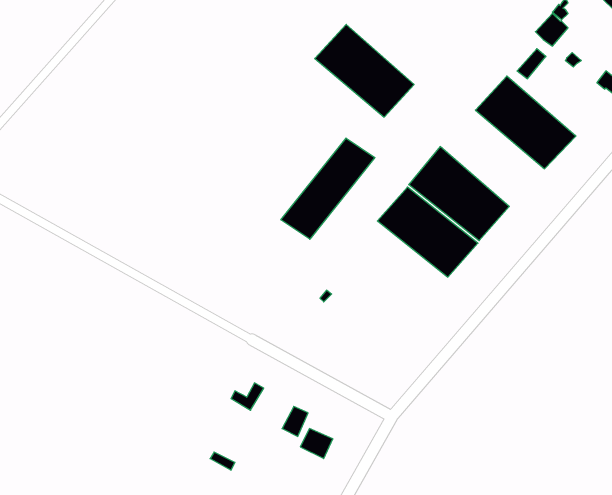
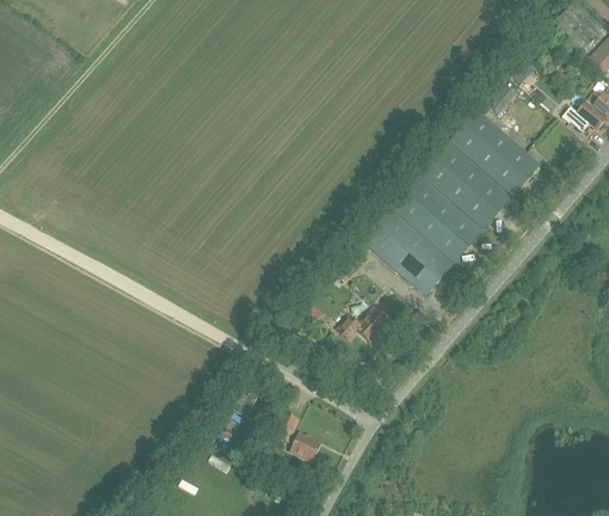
building: [315,24,414,117] -> [420,142,511,227]
building: [281,138,375,239] -> none
building: none -> [337,306,388,342]

